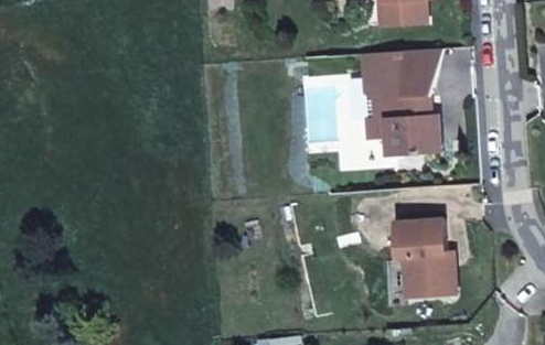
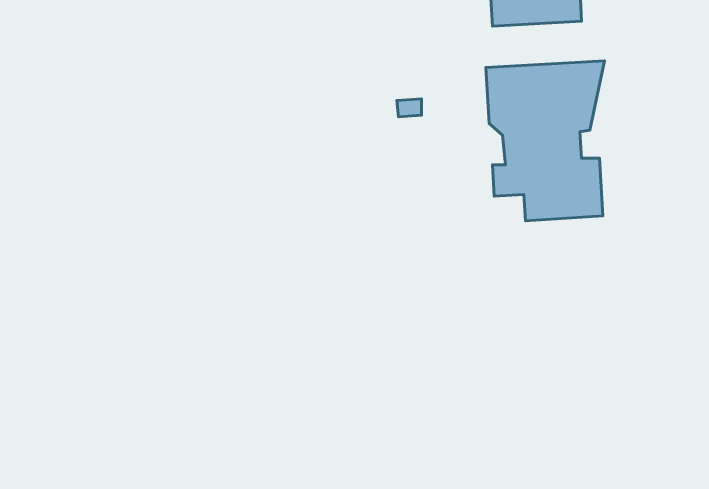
building: [395,218,453,297] -> none

